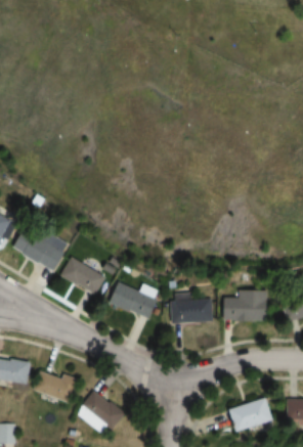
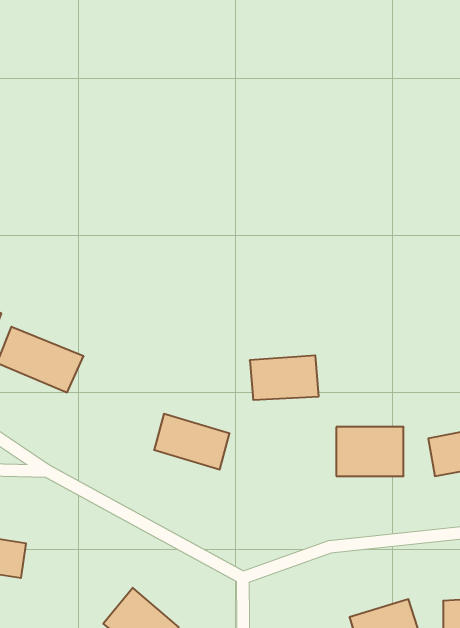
building: [59,257,104,294] -> none
building: [169,296,212,323] -> [250,355,319,400]
building: [34,370,79,403] -> none

